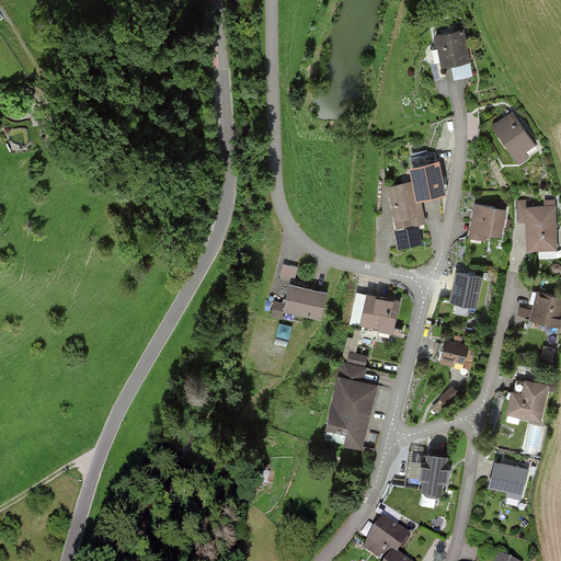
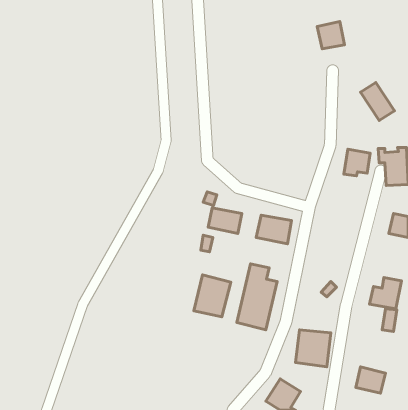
building: [388,161,445,229] -> none
building: [449,271,483,307] -> none
building: [439,339,469,368] -> none
building: none -> [194,275,231,317]
building: [488,460,528,496] -> [356,367,385,393]

